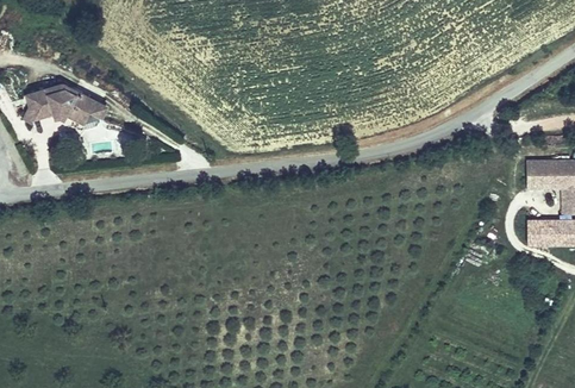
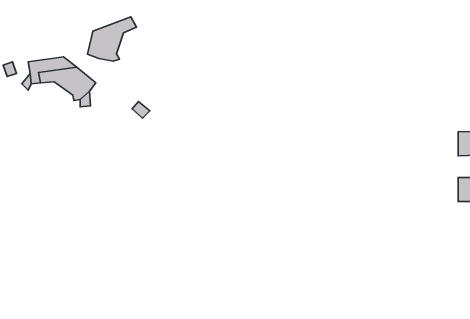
building: none -> [87,17,136,61]

